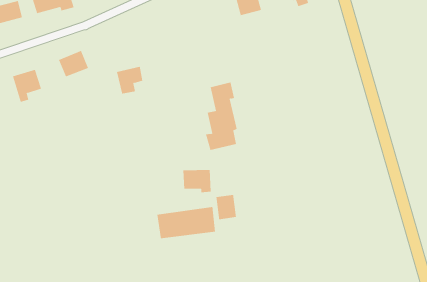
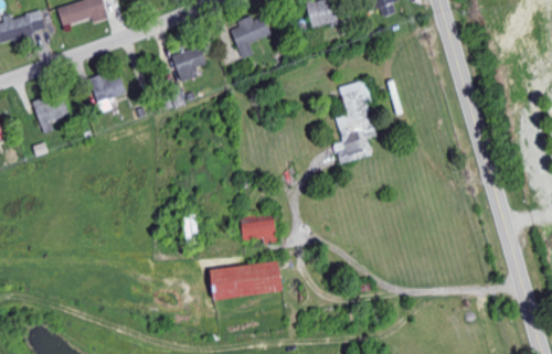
building: none -> [229,15,272,58]
building: [116,66,143,94] -> [172,46,205,81]
building: [205,82,238,151] -> [333,79,373,163]
building: [216,194,237,220] -> none

